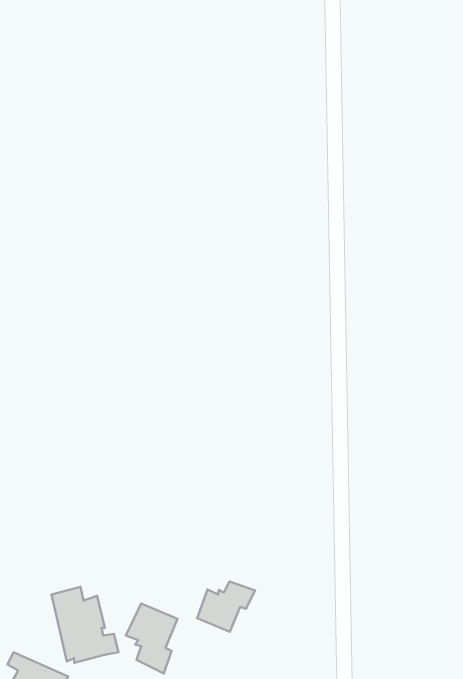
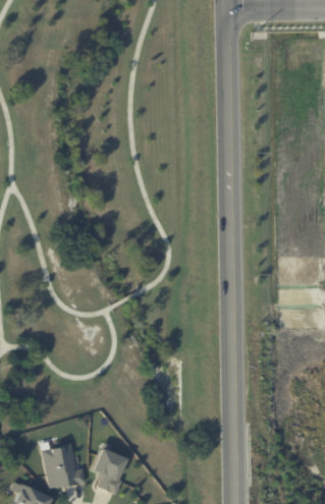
building: [197,582,255,632] -> none

